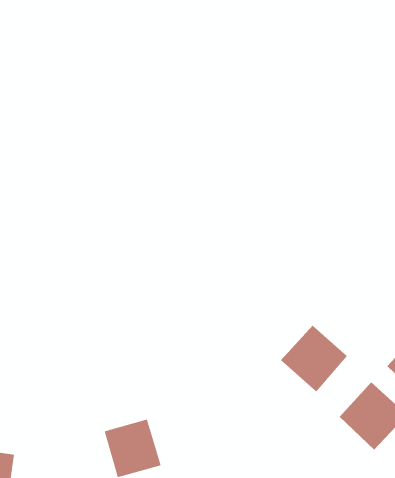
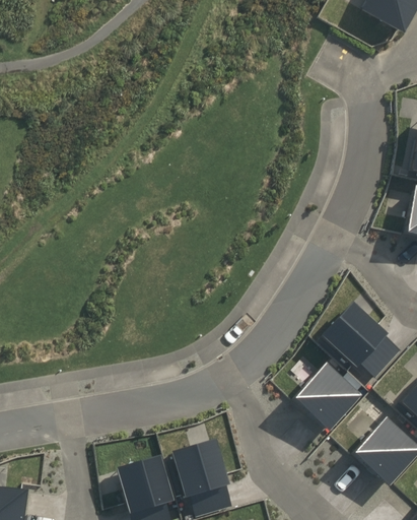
building: none -> [321,302,389,370]
building: none -> [172,439,230,498]

